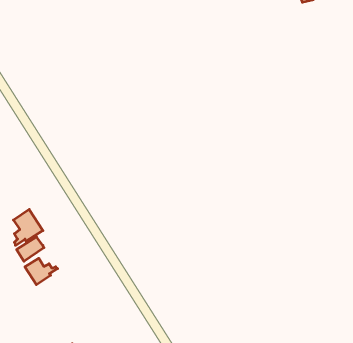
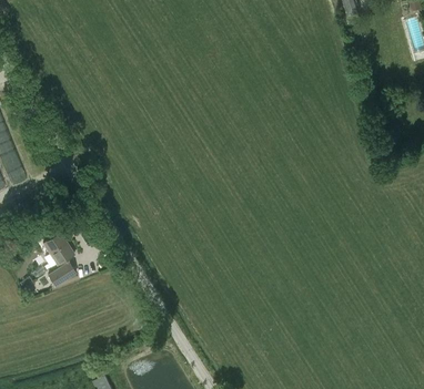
building: [25,258,58,285] -> none

